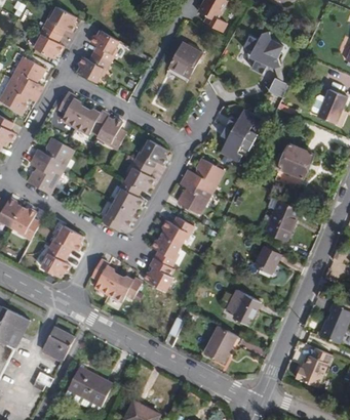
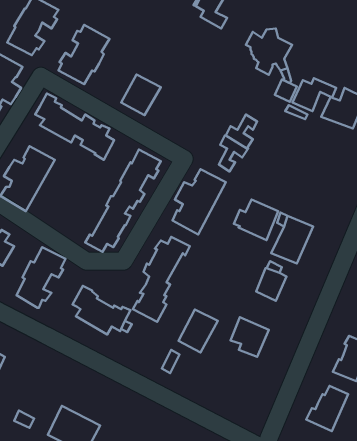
building: [169,39,204,75] -> [121,74,161,115]
building: none -> [292,78,336,111]
building: [274,141,313,177] -> [234,199,278,240]
building: [202,324,237,362] -> [178,309,218,352]
building: [40,328,74,363] -> none

